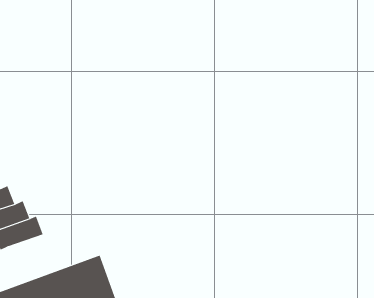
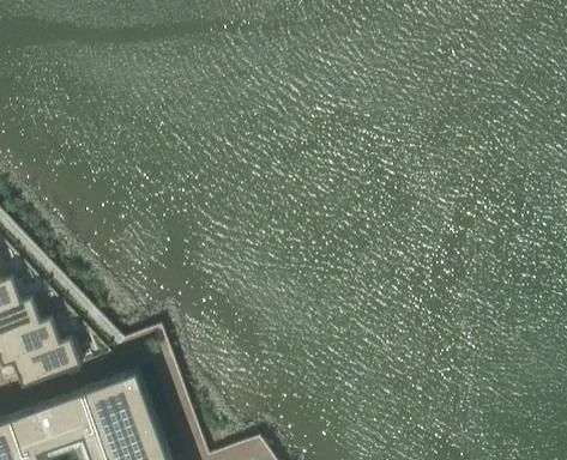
building: none -> [12,340,79,386]

